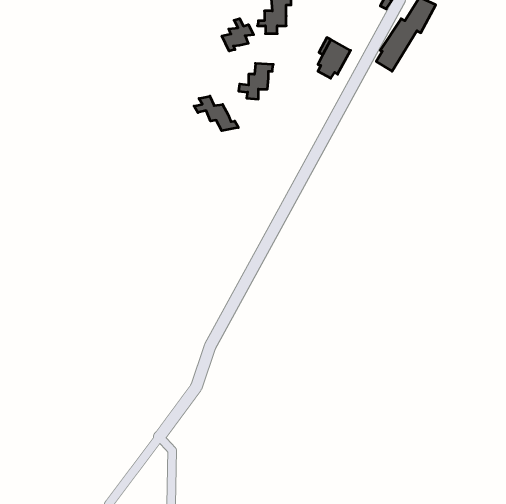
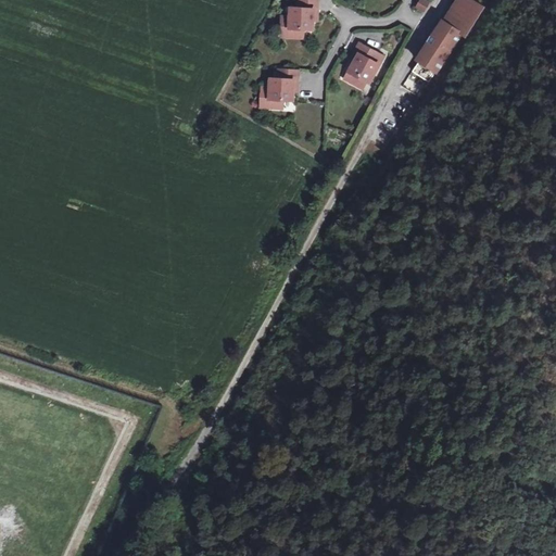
building: [222,19,254,51] -> none
building: [194,96,238,131] -> none

